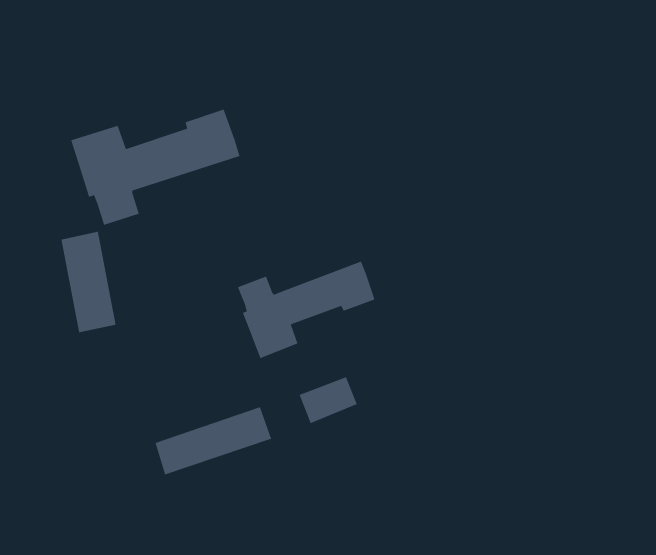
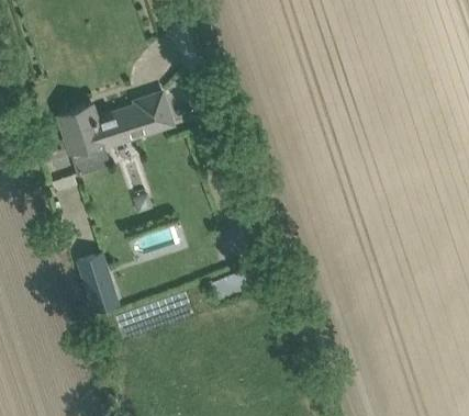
building: [237,261,375,359] -> none
building: none -> [78,256,119,312]

